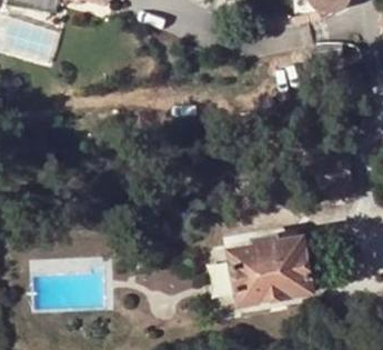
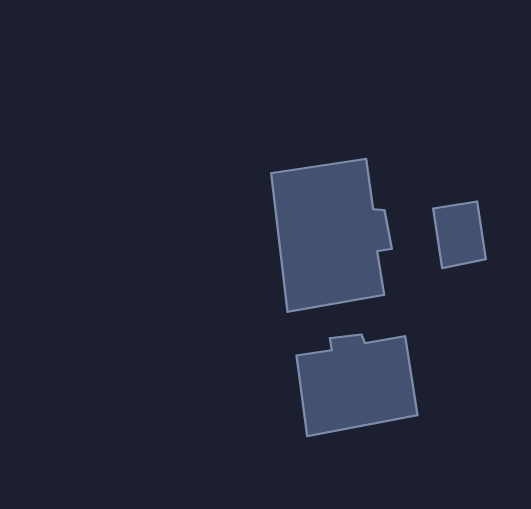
building: none -> [271,159,392,312]

